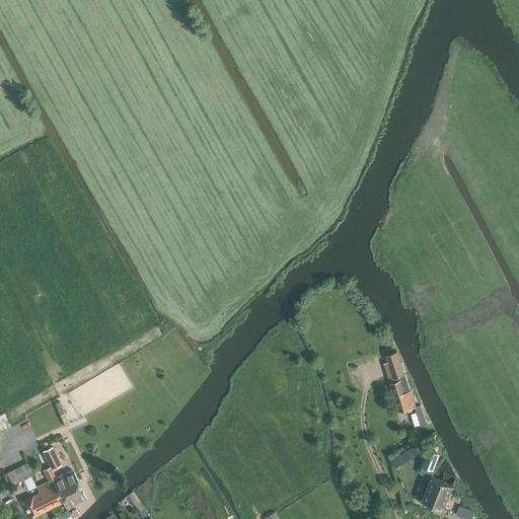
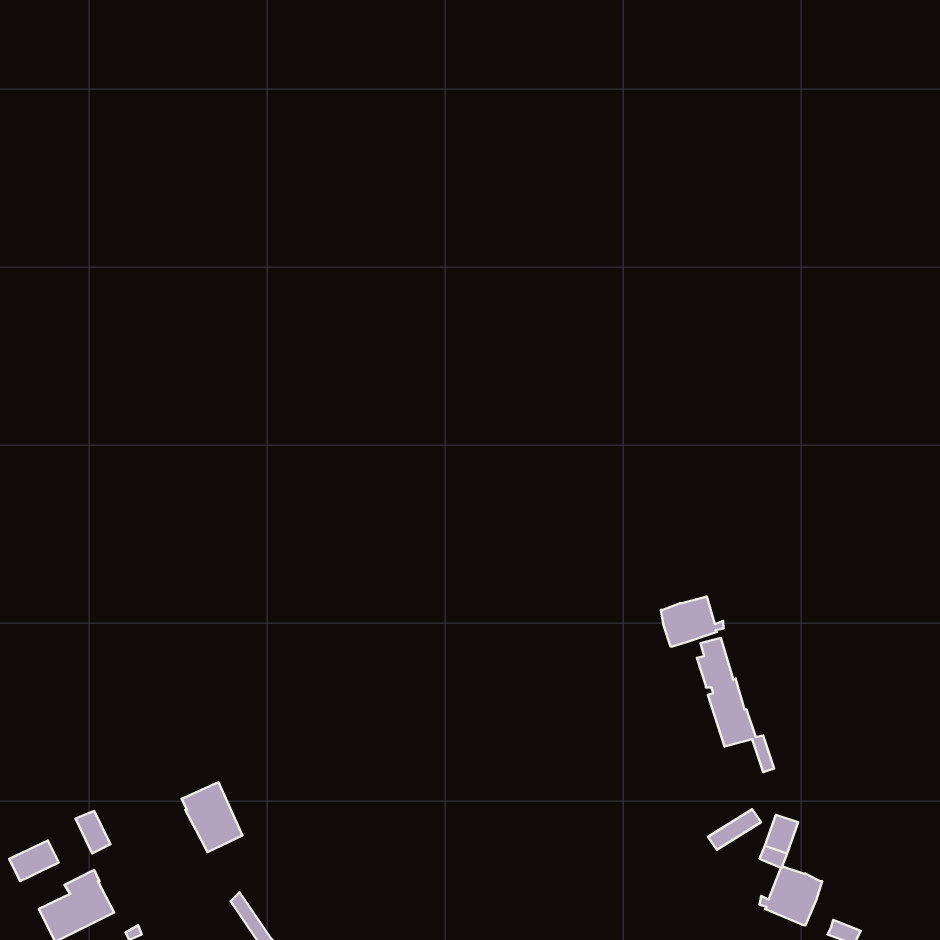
building: none -> [661,597,724,647]
building: [52,470,85,509] -> [182,782,242,852]

